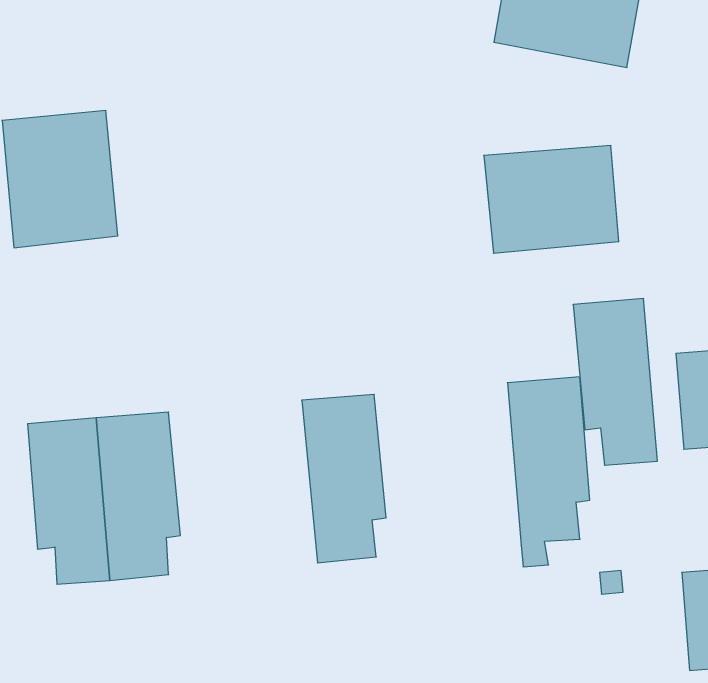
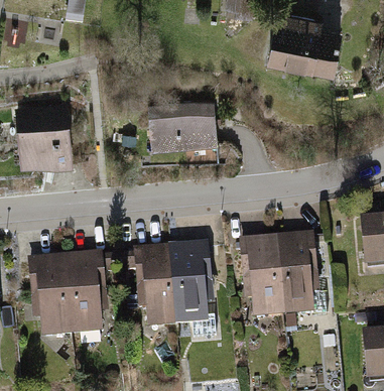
building: [484,146,619,253] -> [146,93,216,148]
building: [573,299,657,465] -> [238,233,281,318]
building: none -> [133,242,176,328]

